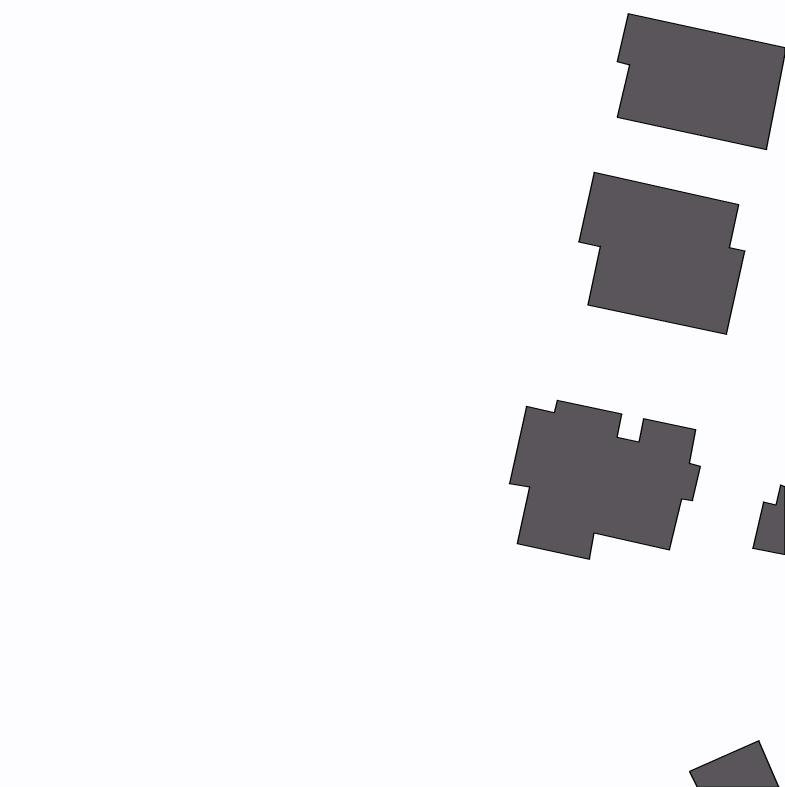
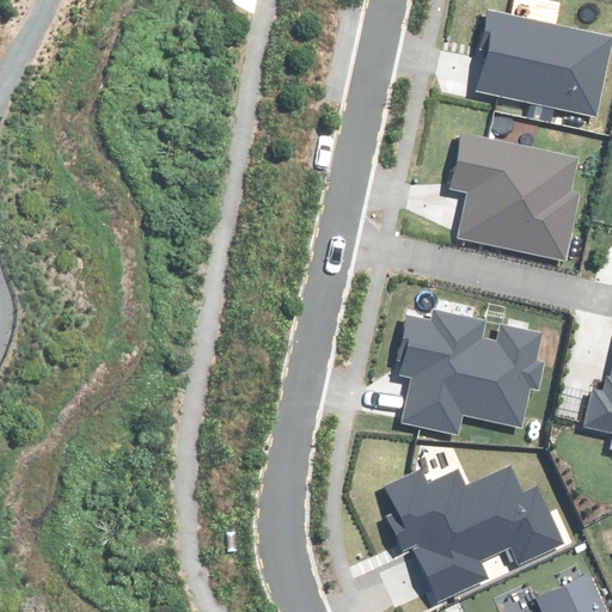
building: none -> [386,467,562,601]

